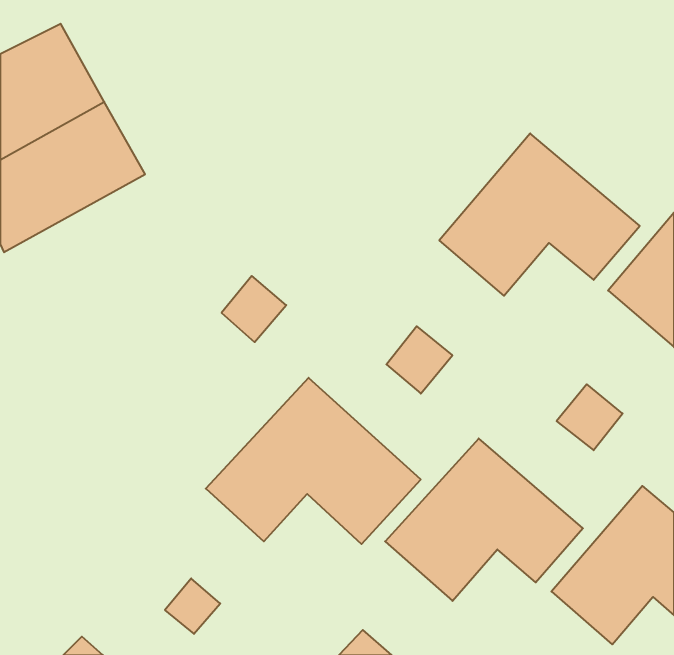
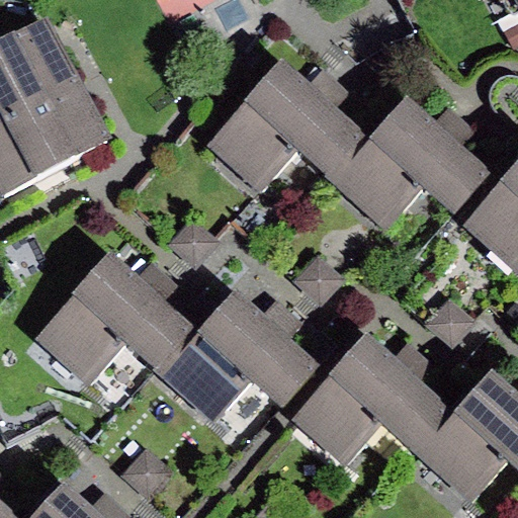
building: none -> [204,60,366,185]
building: none -> [34,255,191,382]

